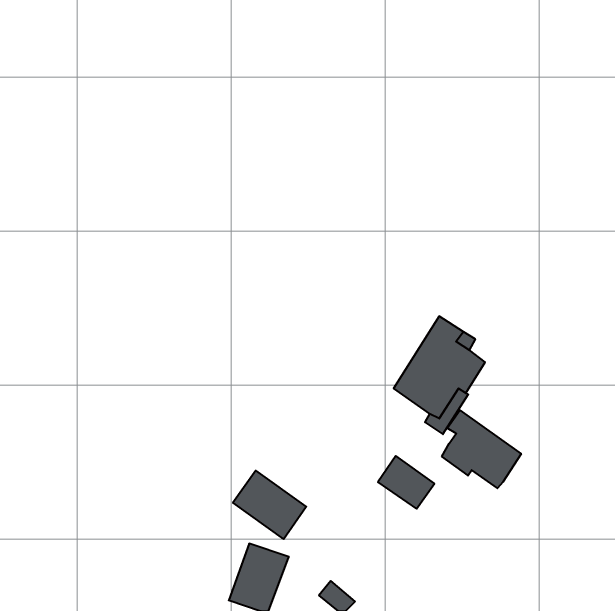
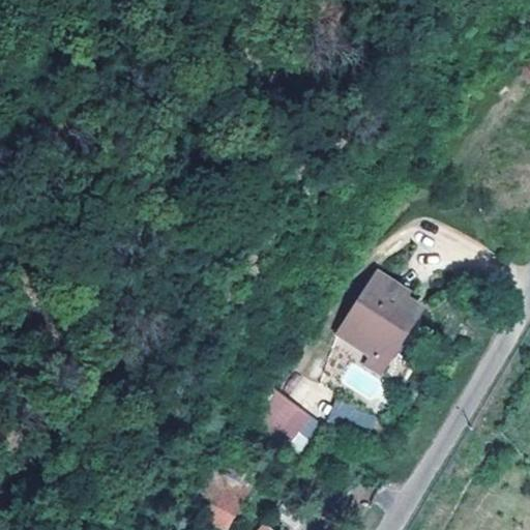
building: [442,410,521,488] -> none
building: [233,471,306,539] -> [256,387,319,446]

